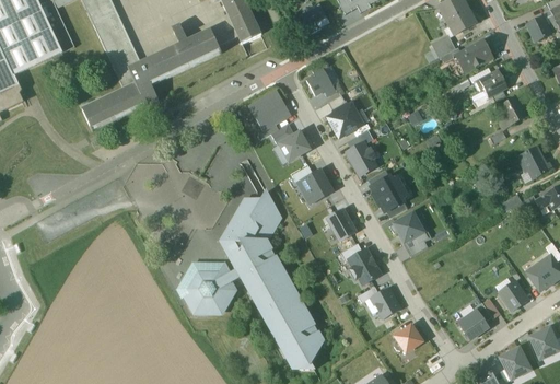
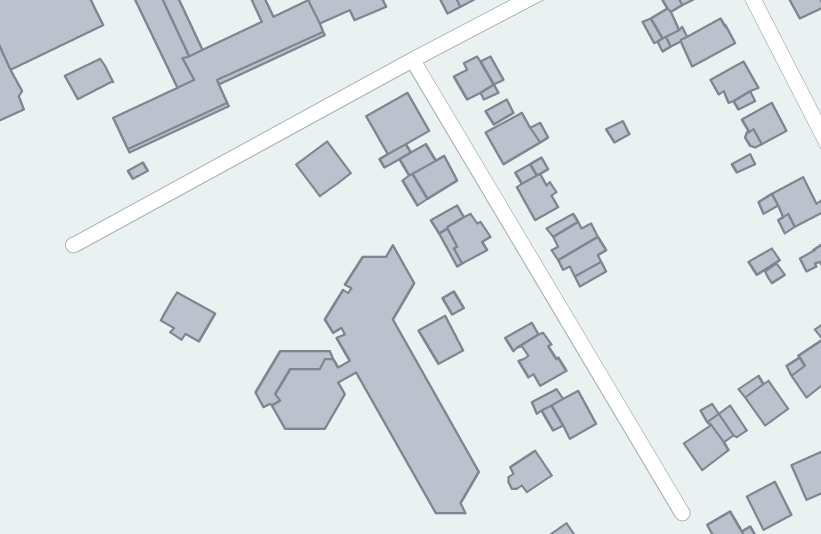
building: none -> [65,59,113,99]
building: none -> [296,141,351,196]
building: [326,208,355,240] -> [419,316,463,364]
building: [389,211,431,255] -> none
building: none -> [161,292,215,341]
building: [394,324,422,351] -> [509,451,552,492]

